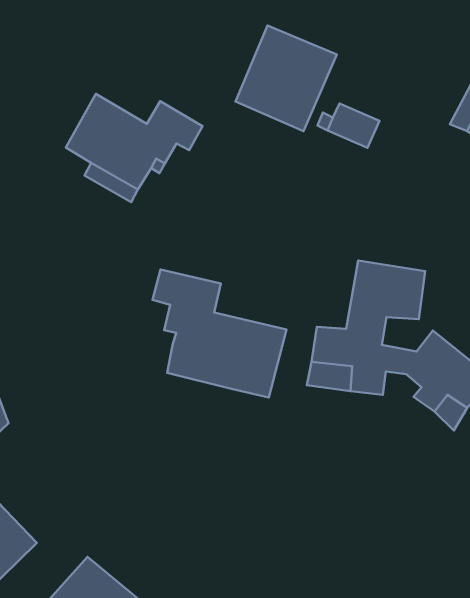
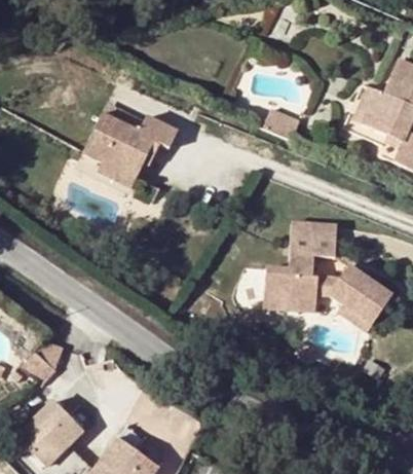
building: [236,26,337,131] -> none
building: [153,269,286,397] -> none

